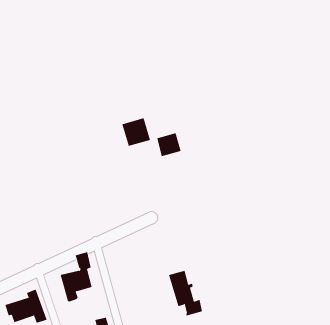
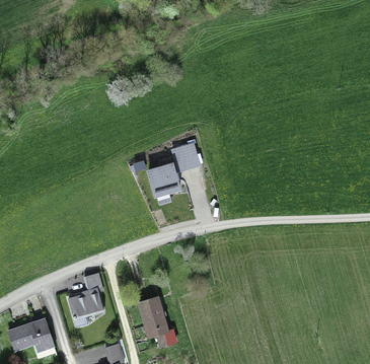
building: [122,118,151,147] -> [148,164,179,196]
building: [168,270,203,316] -> [139,297,176,347]

